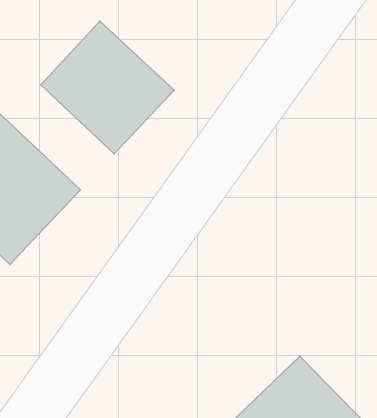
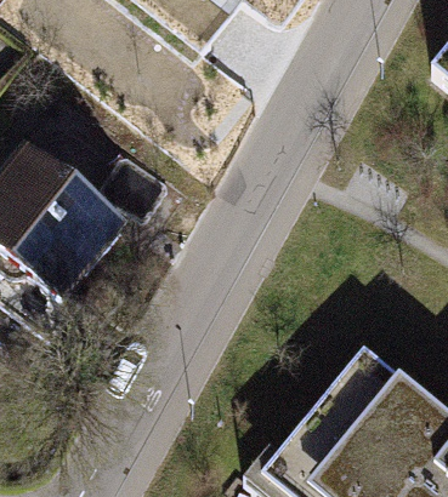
building: [41,21,174,154] -> none

